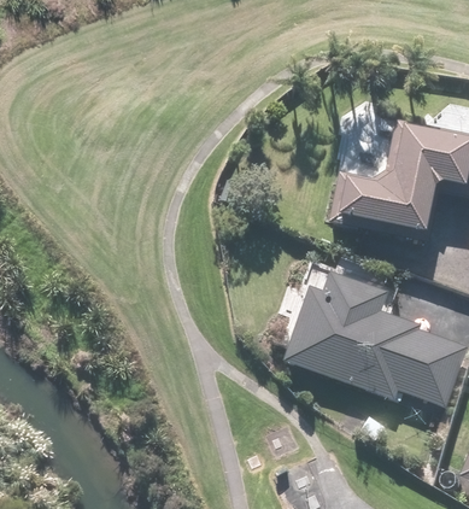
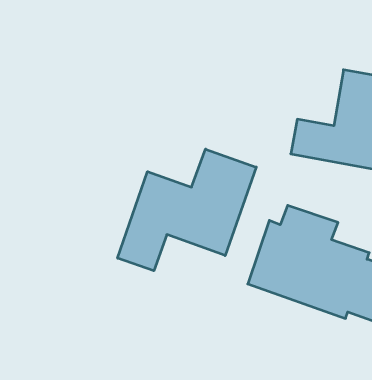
building: none -> [118,149,256,271]

